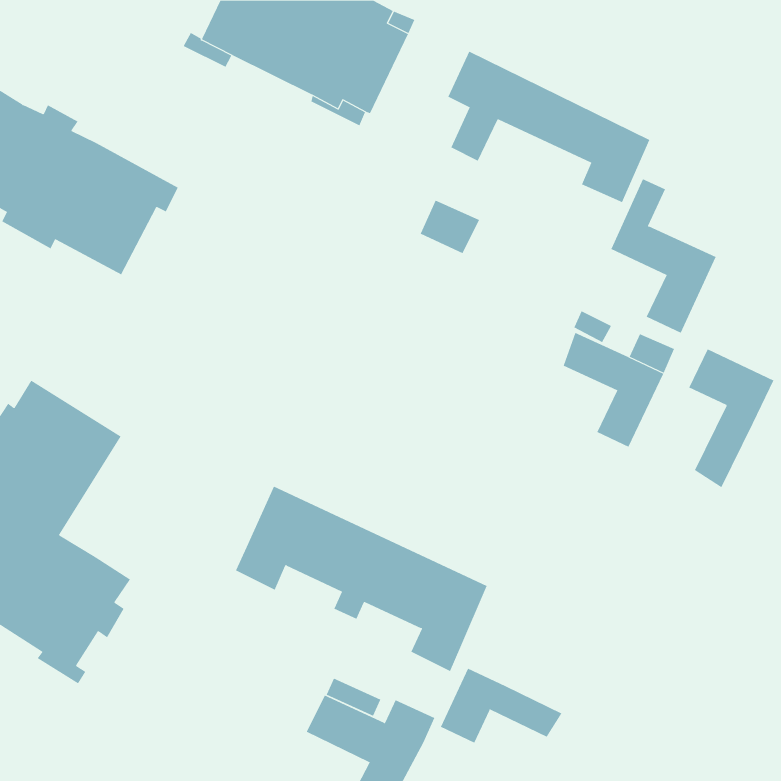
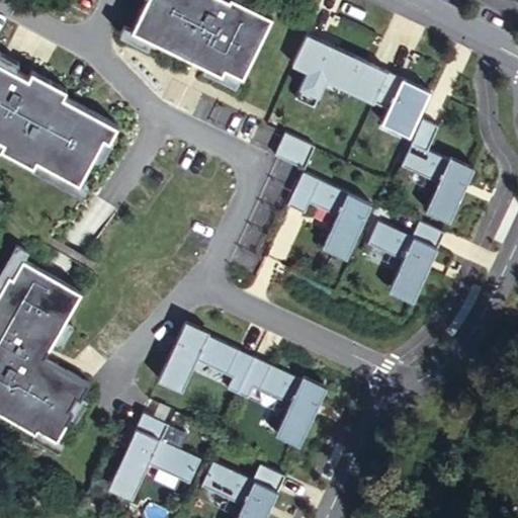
building: none -> [287,172,372,254]
building: [689,348,774,488] -> none
building: none -> [109,413,201,495]
building: [440,668,562,743] -> none

